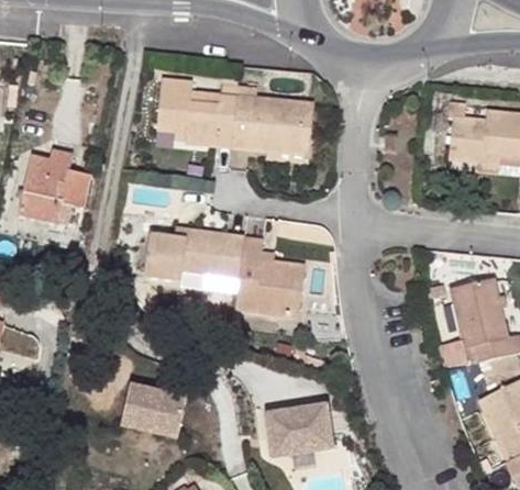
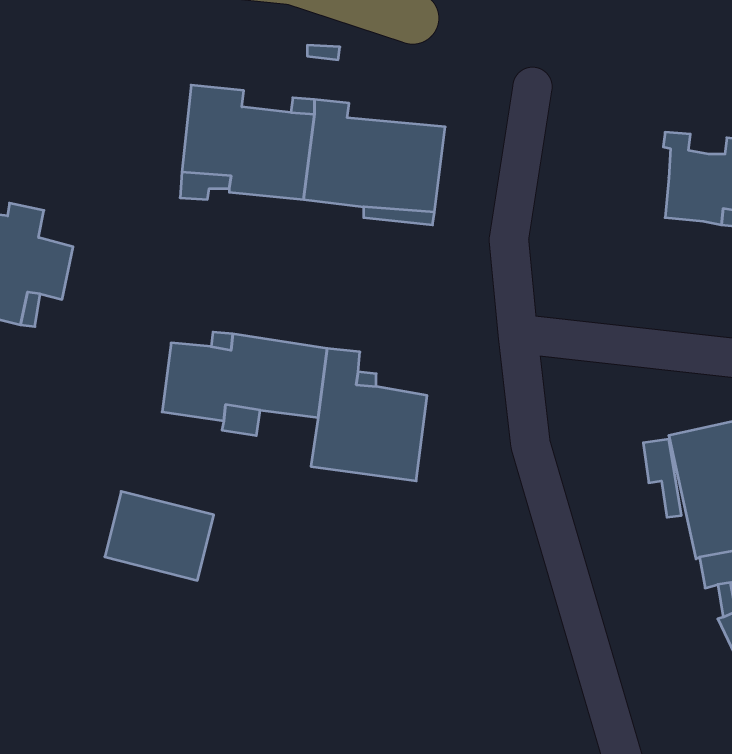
building: [119,386,185,439] -> [105,491,214,580]
building: [263,411,329,461] -> none

